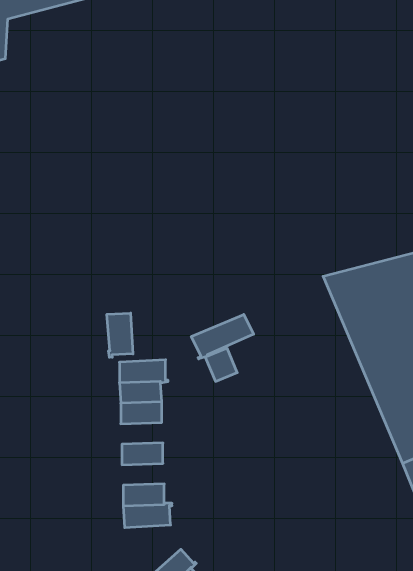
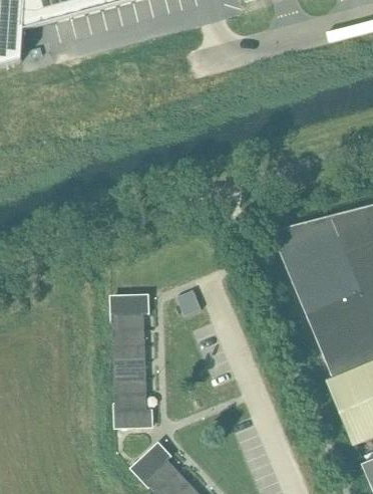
building: [107,313,133,357] -> none
building: [191,314,254,359] -> none
building: none -> [111,345,144,362]
building: none -> [112,378,145,395]

